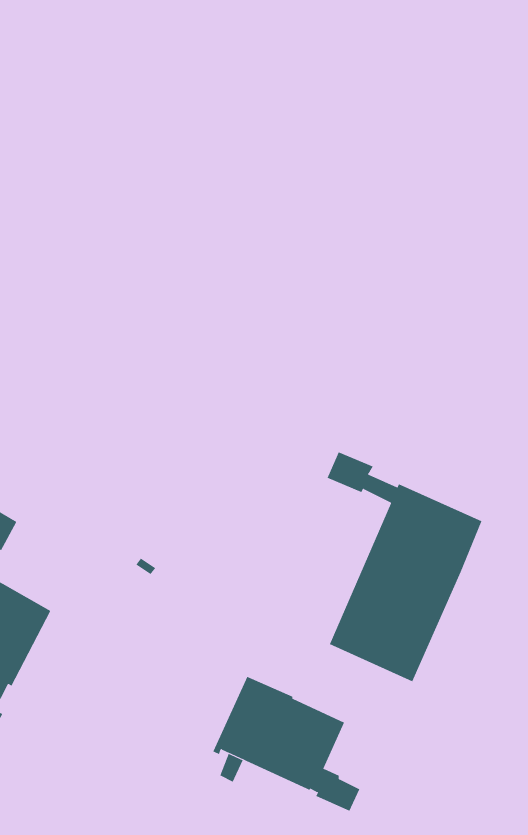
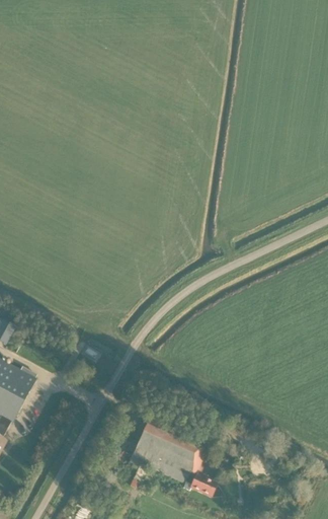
building: [327,451,482,682] -> none

